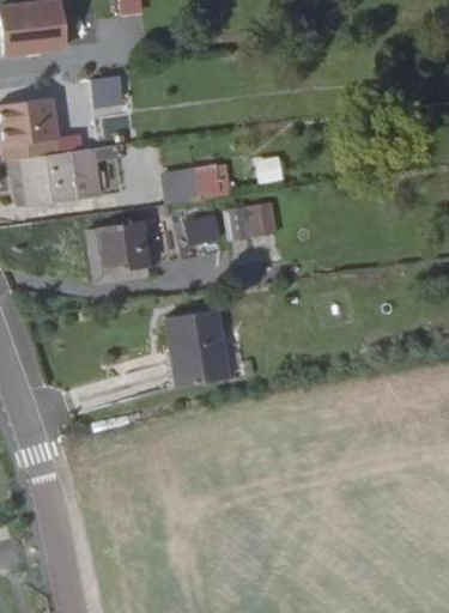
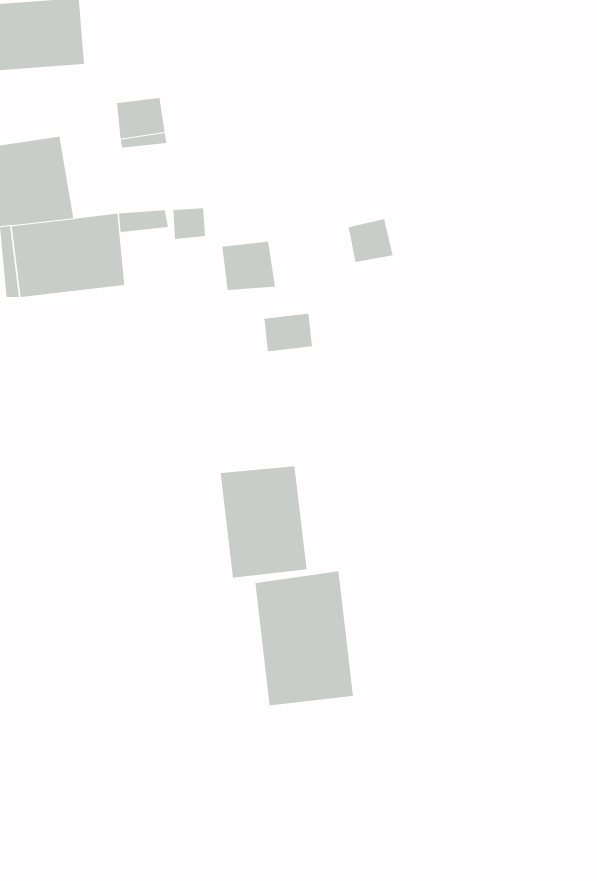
building: [235,204,284,238] -> none
building: [89,218,153,275] -> none
building: none -> [255,570,354,706]

